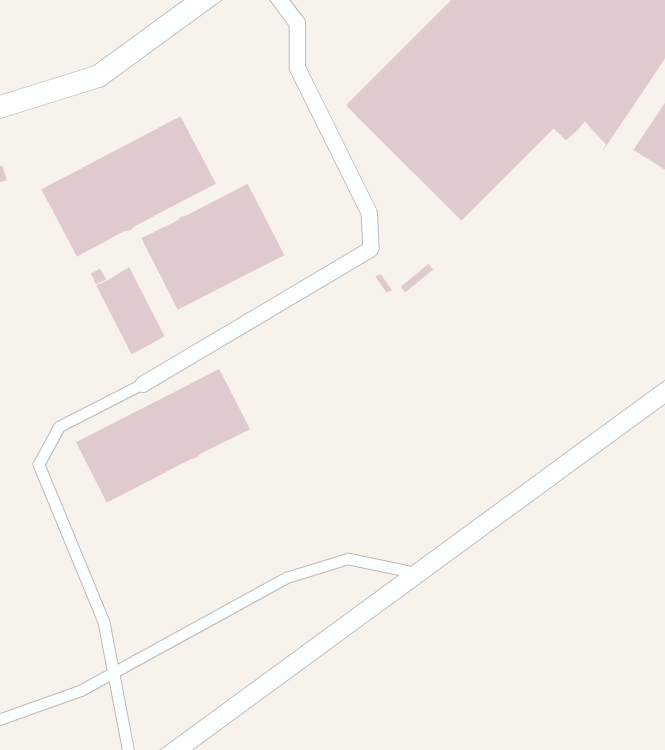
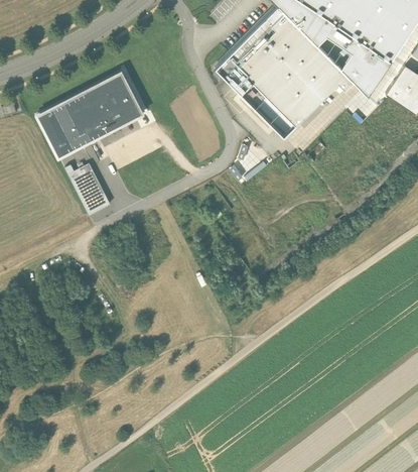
building: [140,183,285,311] -> none
building: [75,368,251,503] -> none

